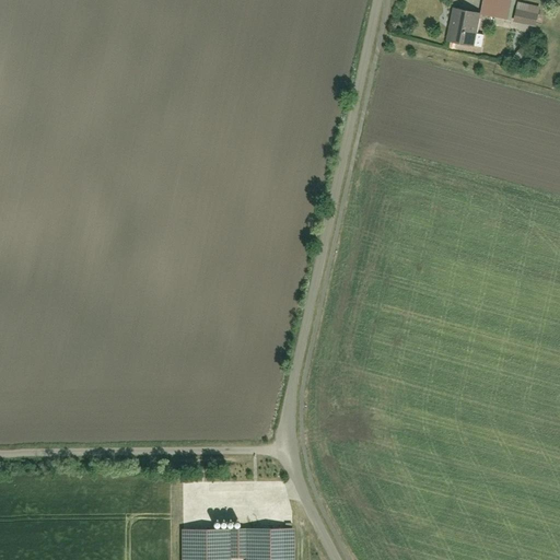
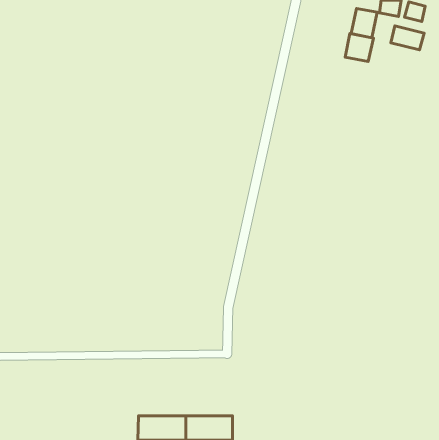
building: none -> [391,26,424,50]
building: none -> [345,33,373,61]

